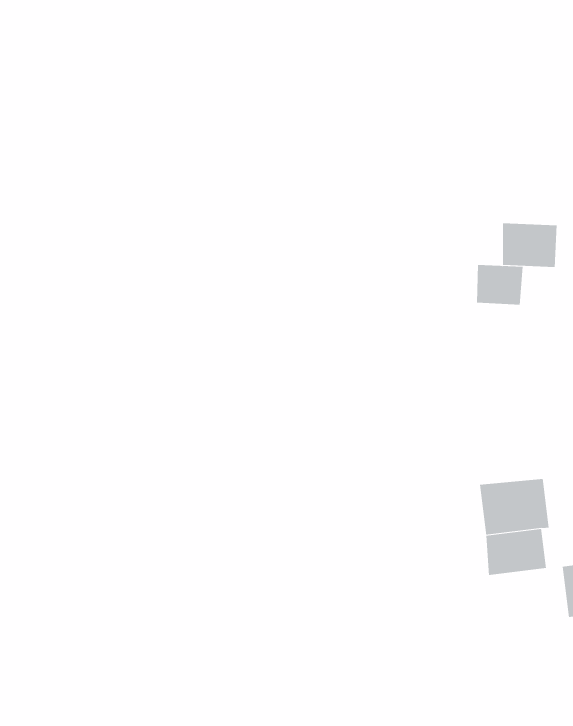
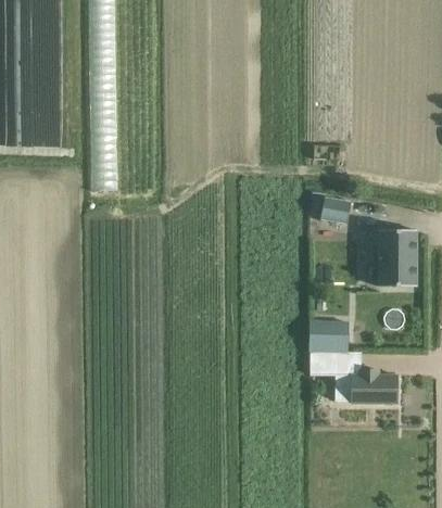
building: [502,222,557,268] -> none

